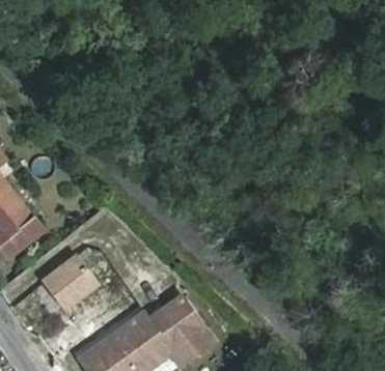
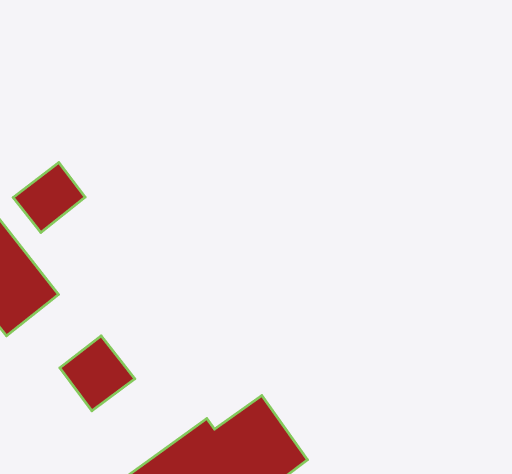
building: none -> [13,163,85,232]

